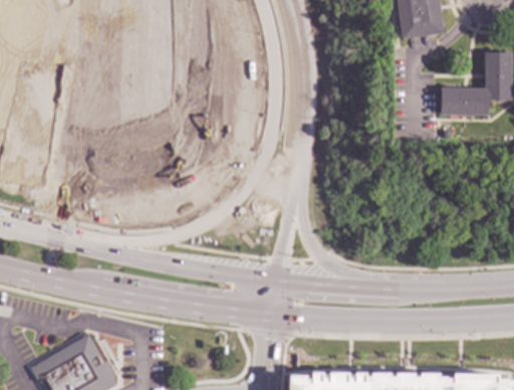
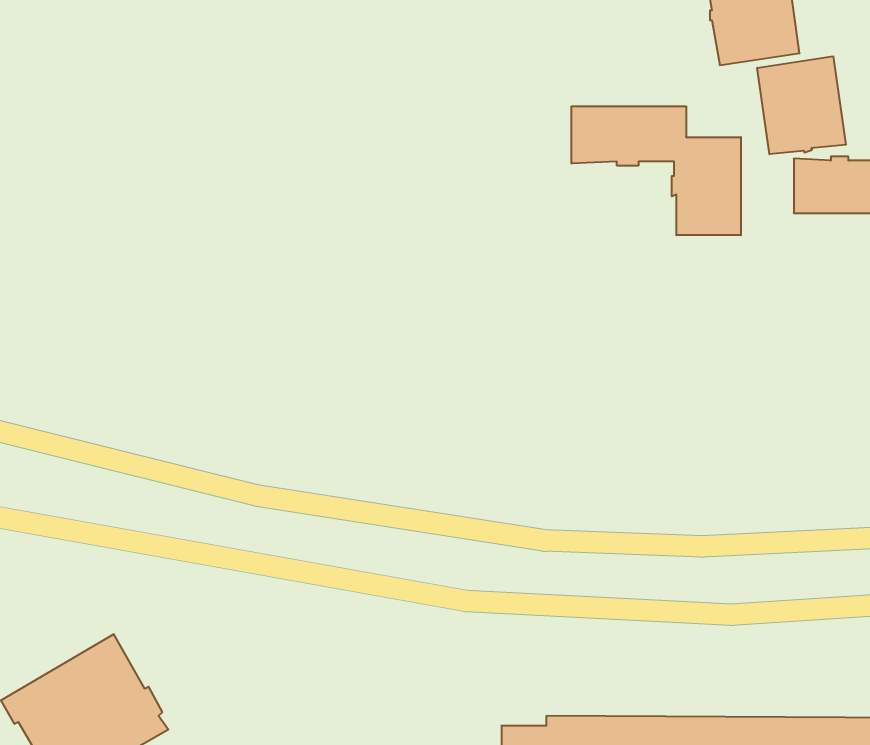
building: none -> [757,56,846,154]
building: none -> [572,106,741,235]

